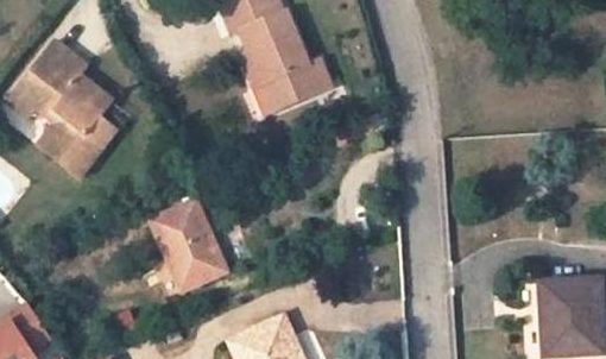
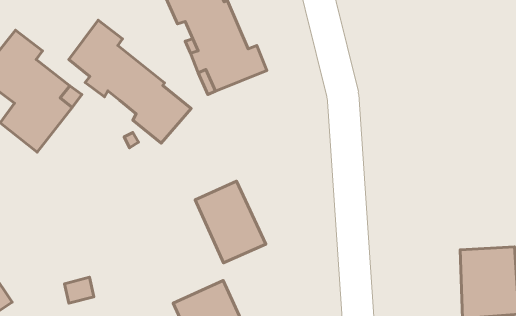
building: none -> [69,20,191,143]
building: [150,200,227,289] -> [195,181,266,263]

